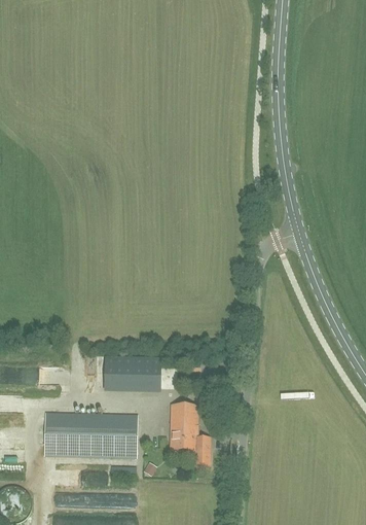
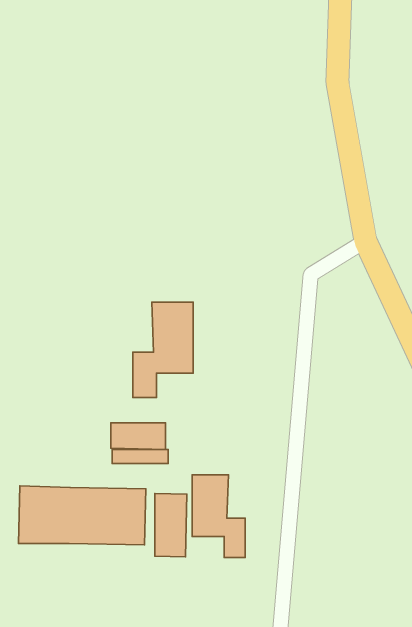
building: none -> [133,302,193,397]
building: none -> [155,494,187,557]

